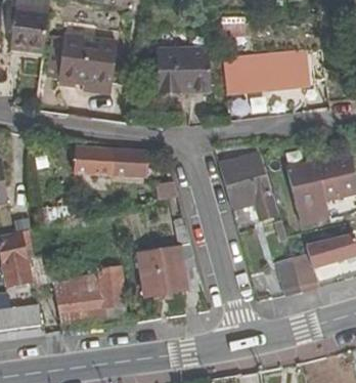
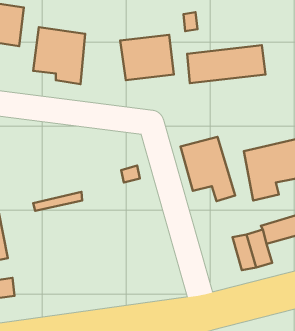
building: [73,146,145,178] -> none
building: [134,226,199,298] -> none
building: [48,269,121,325] -> none

